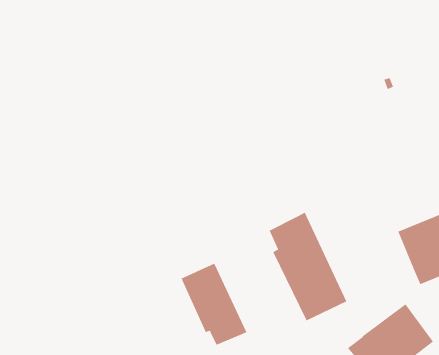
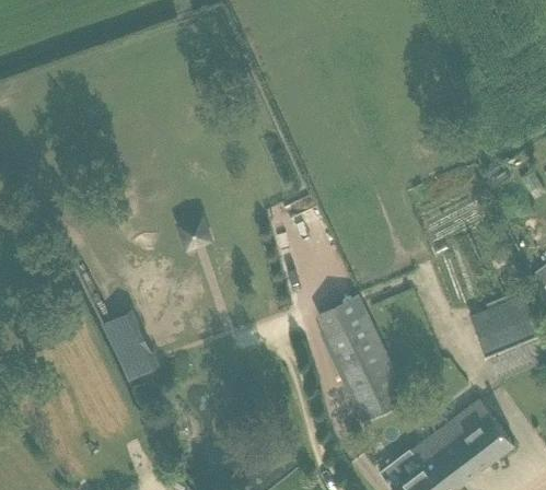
building: none -> [102,310,150,378]
building: [181,263,247,346] -> none

